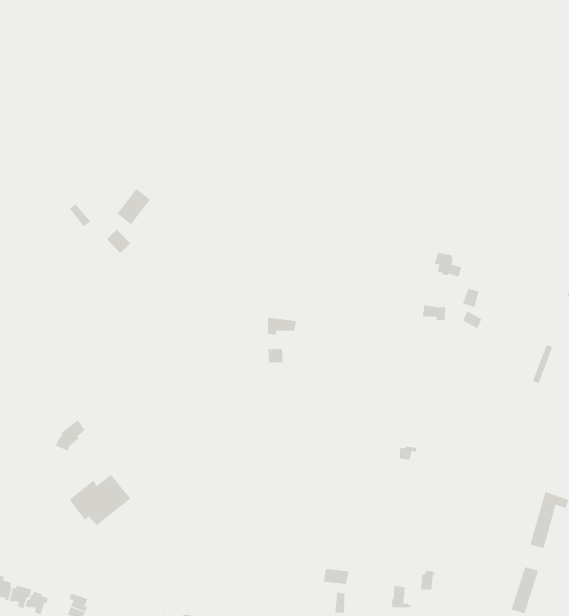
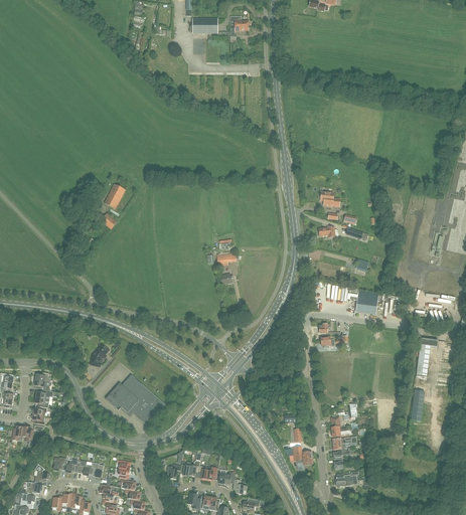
building: none -> [355,291,383,314]
building: none -> [129,389,162,422]

